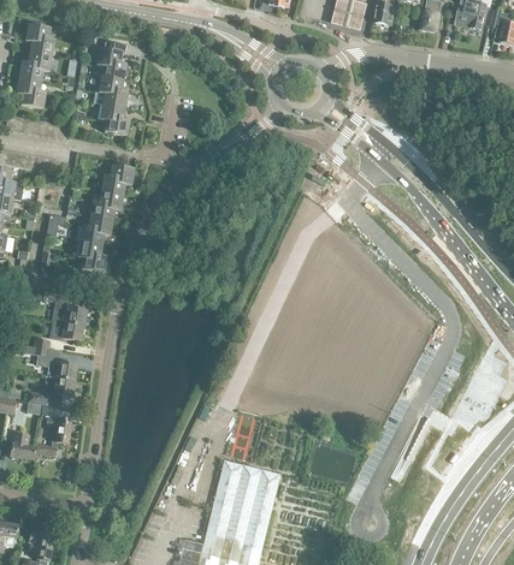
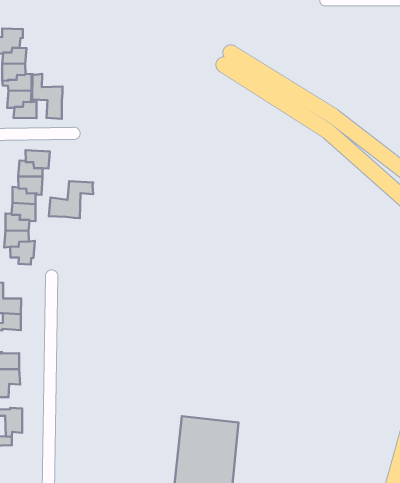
building: none -> [32,74,62,119]
building: none -> [49,181,93,218]

